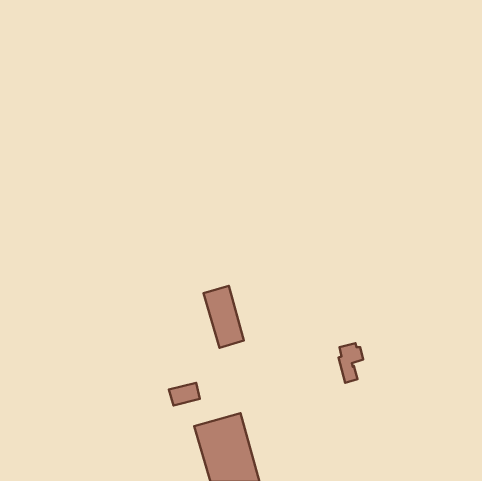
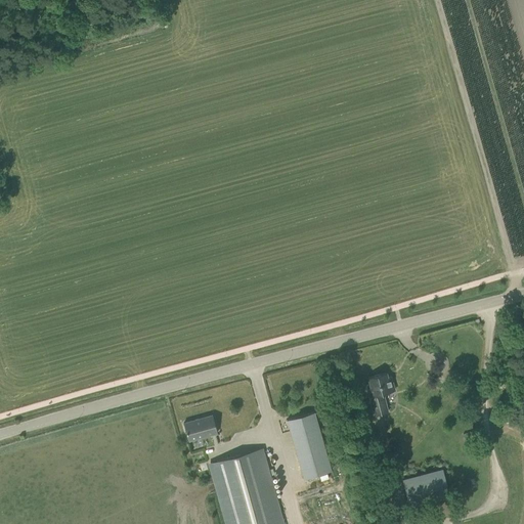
building: [203,286,244,348] -> [287,412,331,480]
building: none -> [402,470,449,508]

